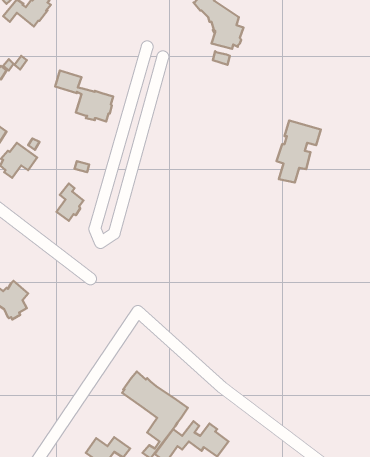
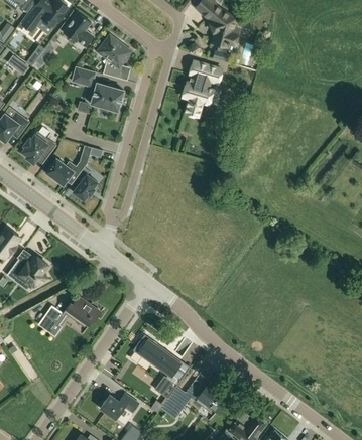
building: none -> [63,12,93,47]
building: none -> [97,35,130,78]
building: [277,120,321,183] -> [182,60,221,116]
building: none -> [45,155,88,185]
building: none -> [37,295,101,335]

